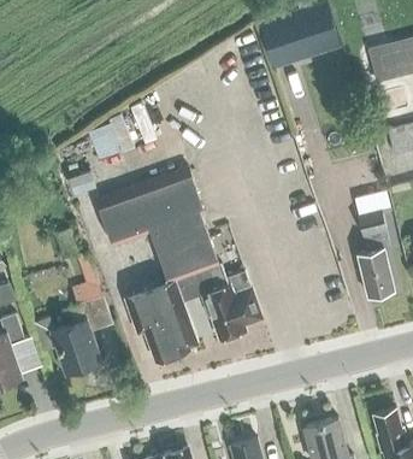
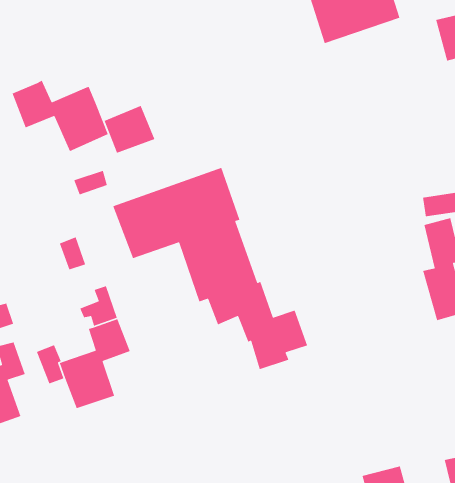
building: none -> [12,79,109,152]
building: [125,286,199,361] -> none

